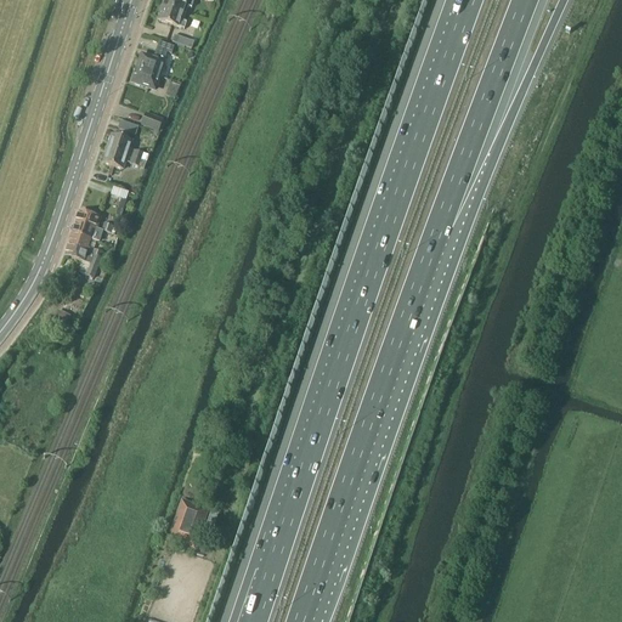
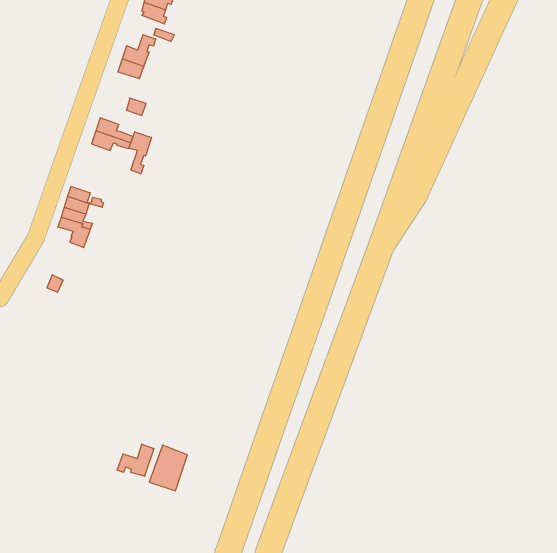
building: none -> [129,132,151,174]
building: none -> [117,444,154,476]

